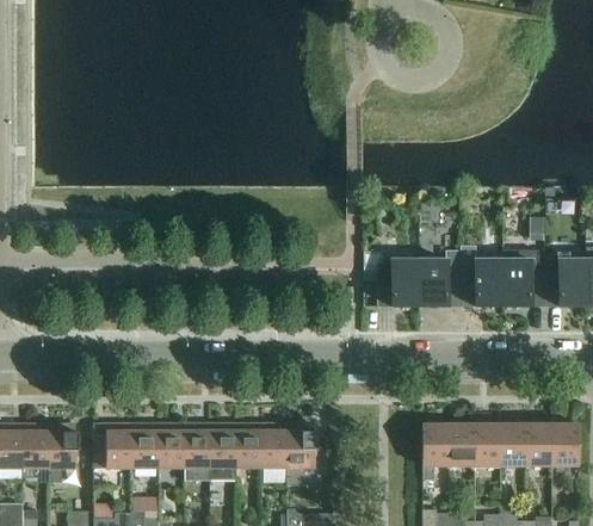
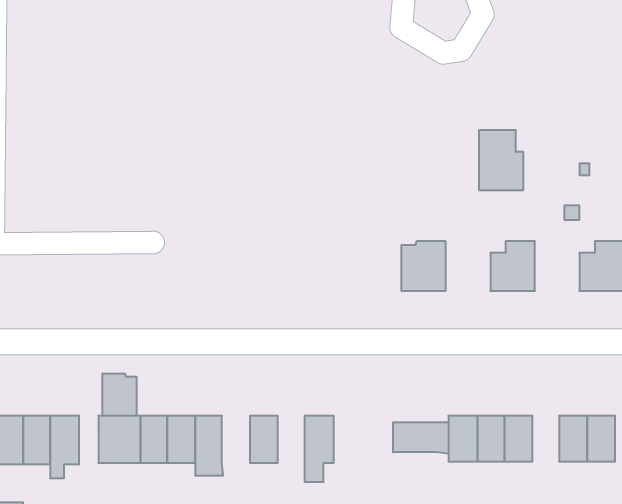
building: [504,250,545,307] -> [479,130,523,190]
building: [420,260,462,307] -> none
building: none -> [103,373,136,416]
building: [210,423,236,479] -> none
building: [262,423,288,468] -> none
building: [501,423,526,466] -> none
building: none -> [393,422,448,454]

